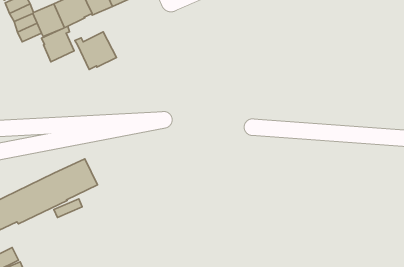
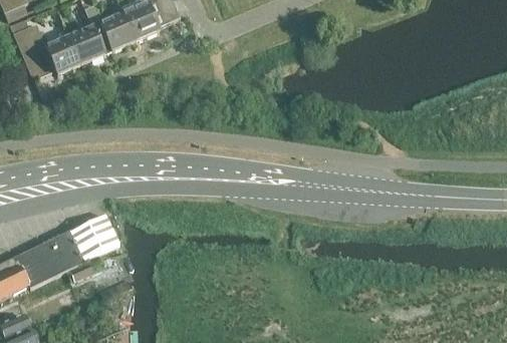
building: [41,26,74,62] -> none
building: [75,32,116,70] -> none

